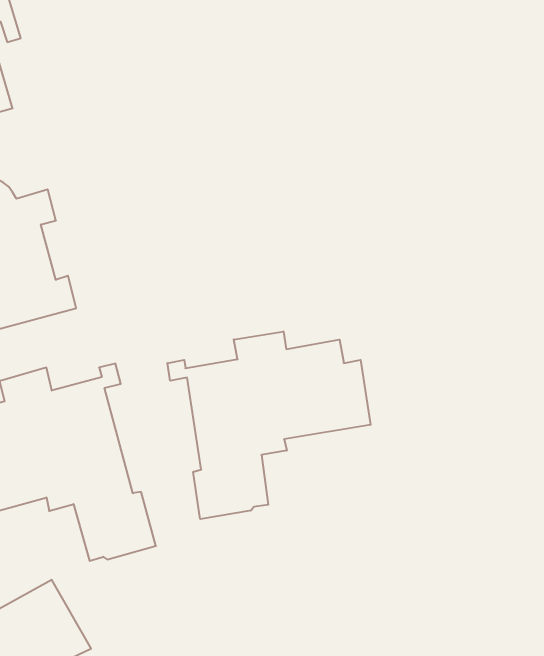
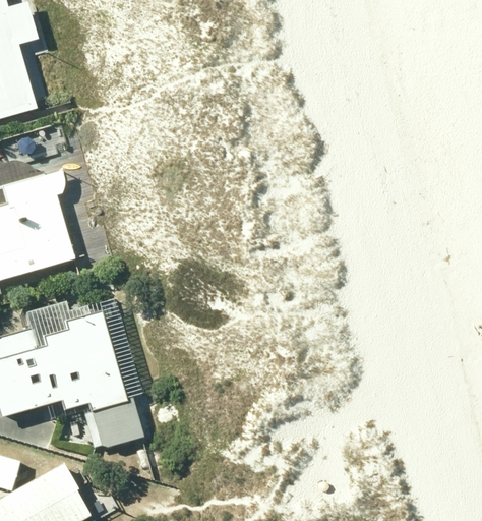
building: [167,331,370,519] -> none

